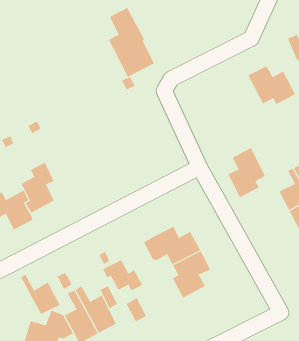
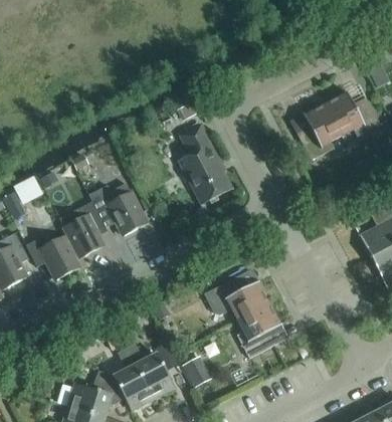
building: [108,7,155,77] -> [178,124,231,204]
building: none -> [88,183,146,235]
building: [227,147,266,198] -> [297,101,341,160]
building: [103,260,143,291] -> none
building: [20,274,61,315] -> none

